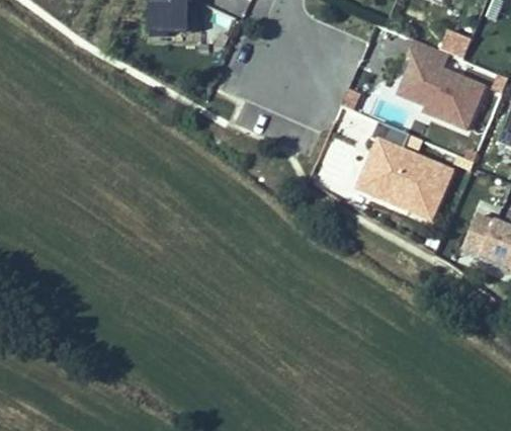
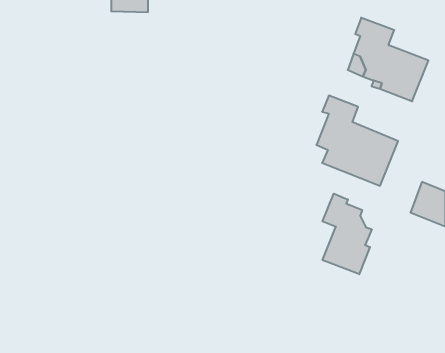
building: none -> [322,194,372,274]

